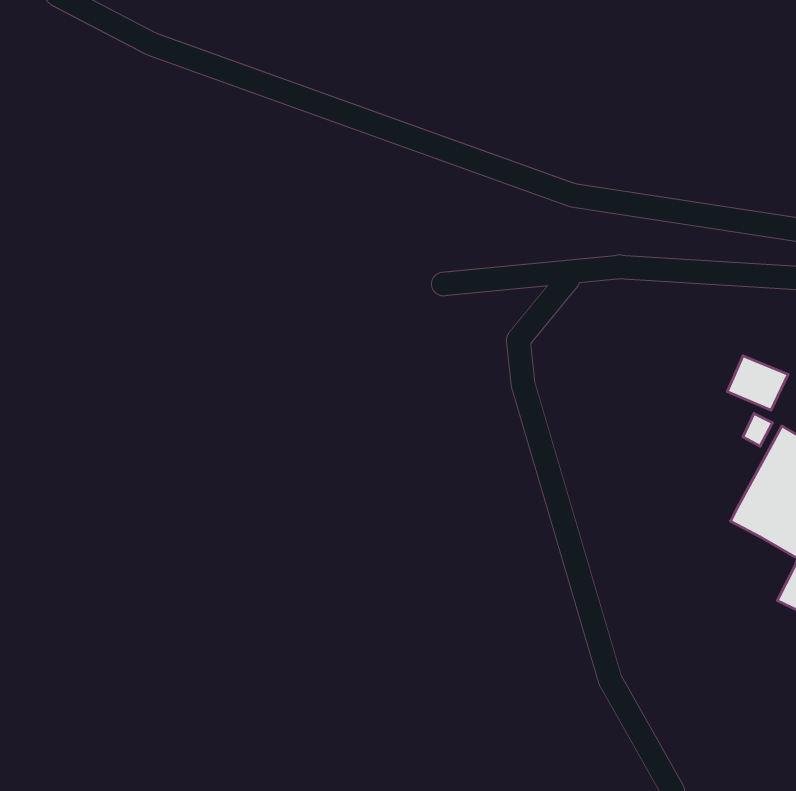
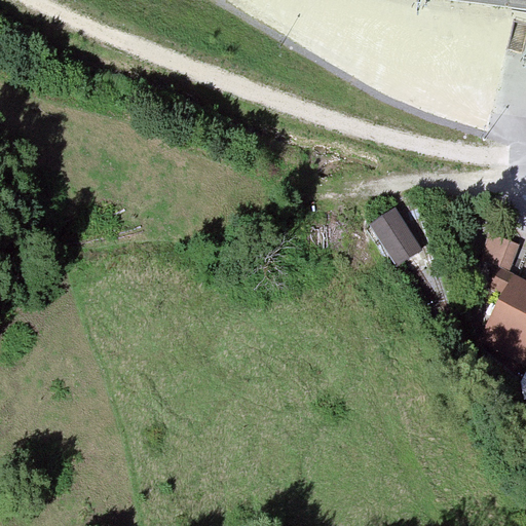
building: none -> [371,205,423,264]

